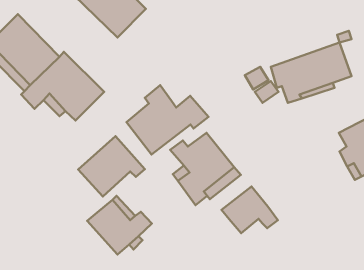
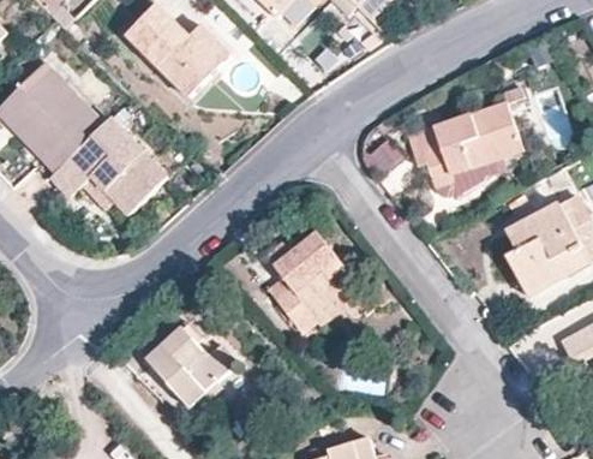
building: [127,85,208,155] -> none
building: [78,136,145,196] -> none
building: [222,186,278,233] -> none

